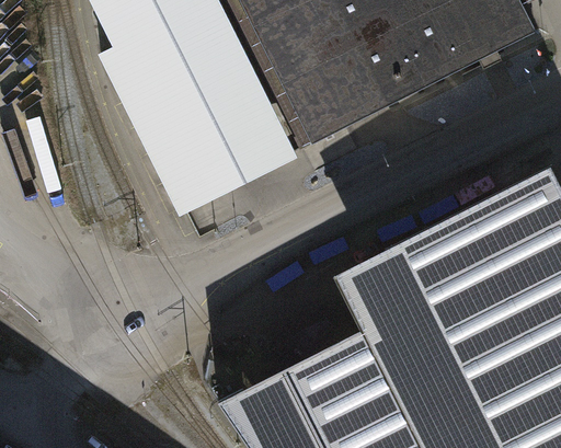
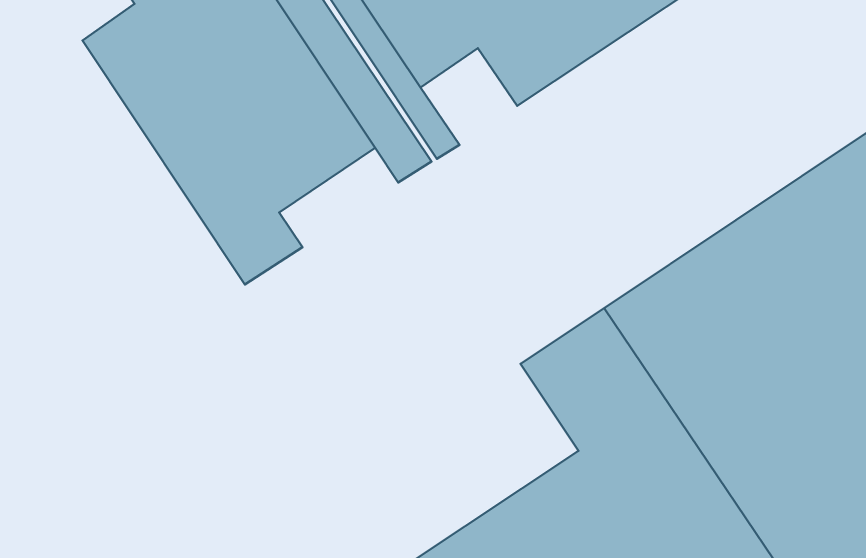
building: [295,89,350,143] -> none
building: [204,139,275,192] -> none

